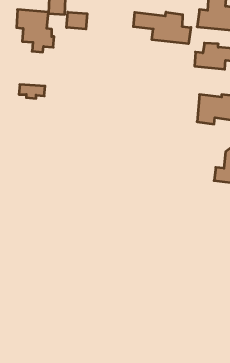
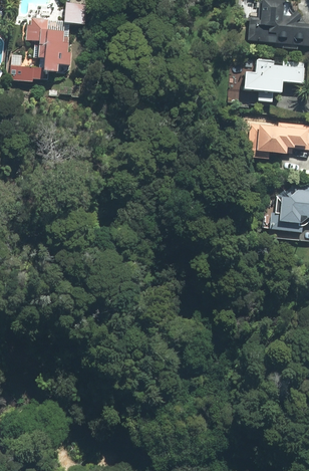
building: [133,12,191,44] -> none
building: [67,12,87,29] -> none
building: [19,85,45,98] -> [12,65,44,82]

